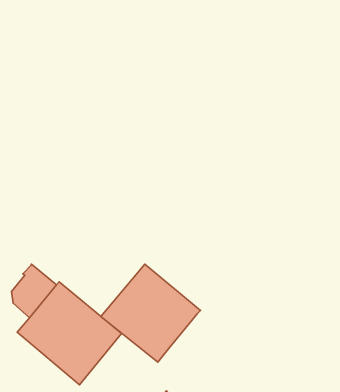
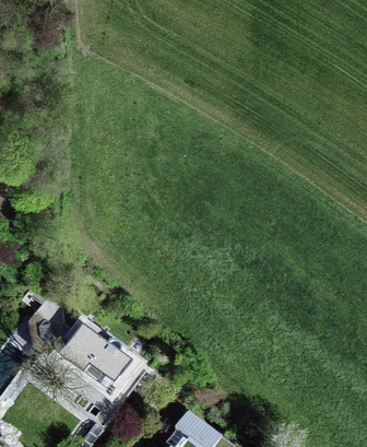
building: [101,264,200,362] -> none

